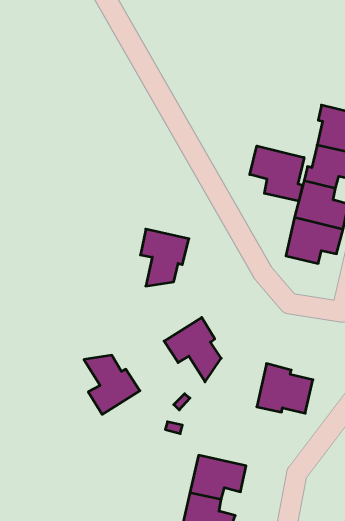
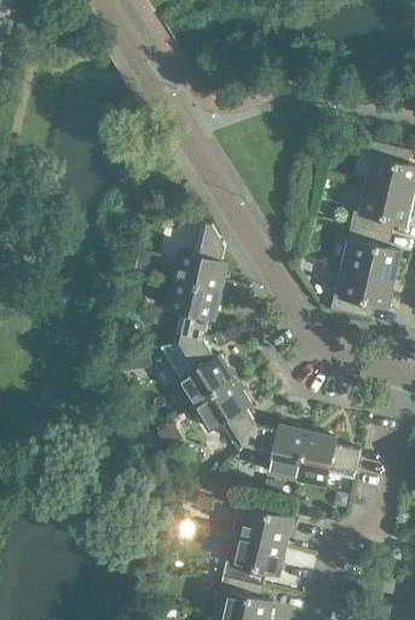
building: [250,146,304,201] -> none
building: none -> [173,222,227,291]
building: [84,355,140,414] -> [173,339,236,406]
building: none -> [240,425,309,480]
building: none -> [232,506,298,546]

